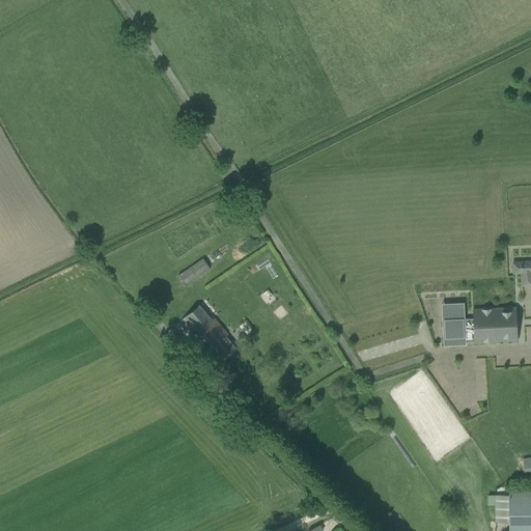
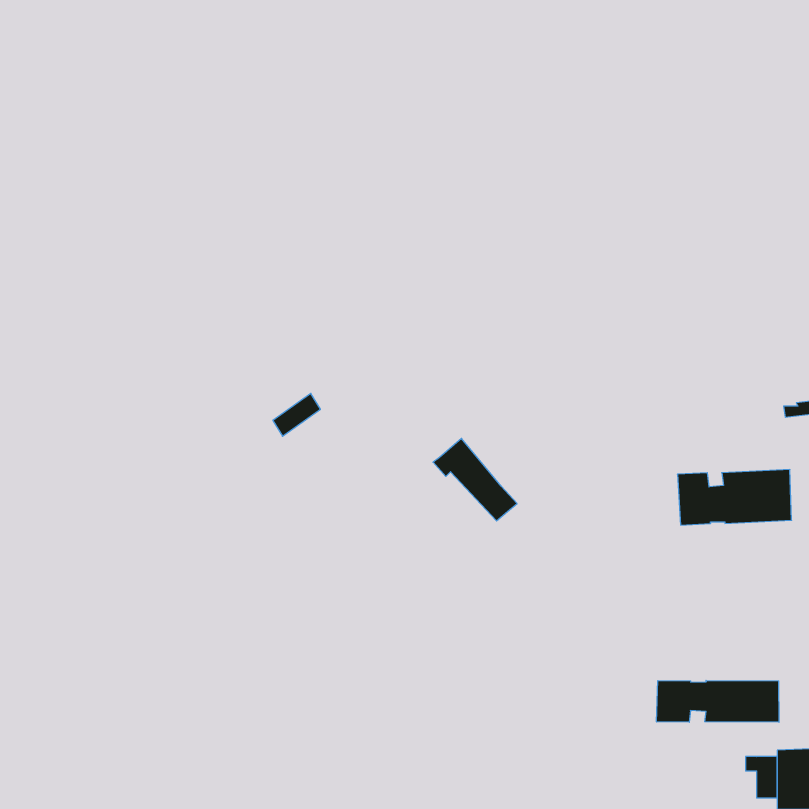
building: [181,304,236,358] -> [433,438,517,521]
building: none -> [657,680,779,722]

